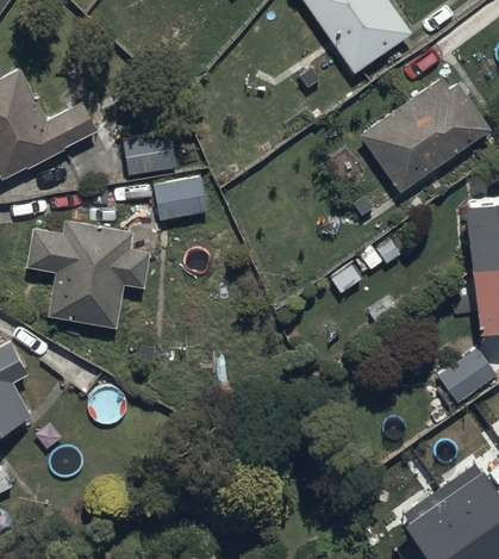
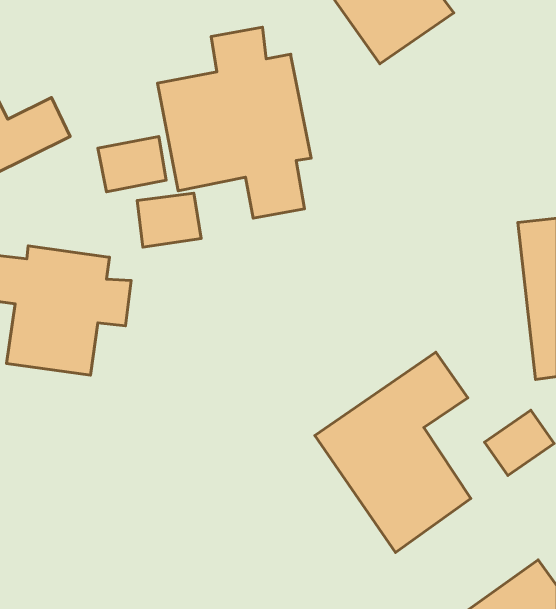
building: none -> [158,27,311,218]
building: [360,75,492,193] -> none
building: none -> [315,352,471,553]

